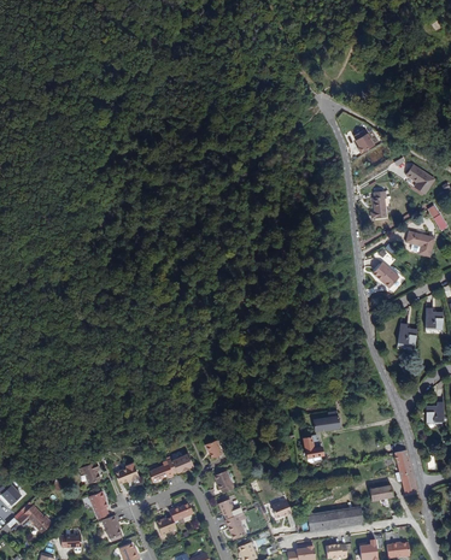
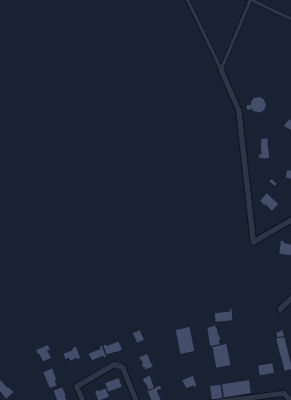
building: none -> [175,326,195,355]
building: none -> [212,343,231,369]

